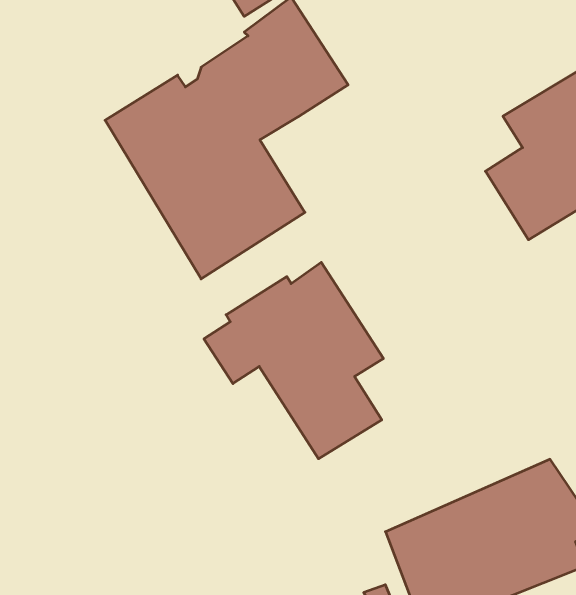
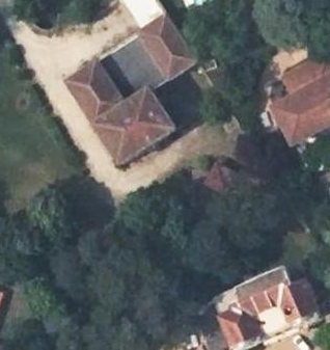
building: [204,262,383,459] -> none

